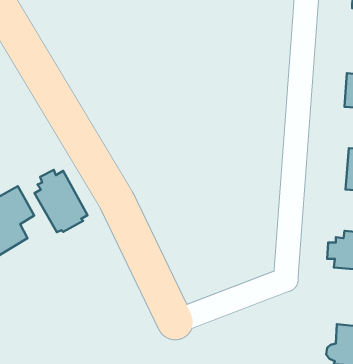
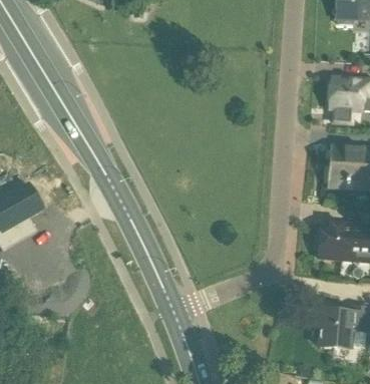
building: [35,170,87,232] -> none

